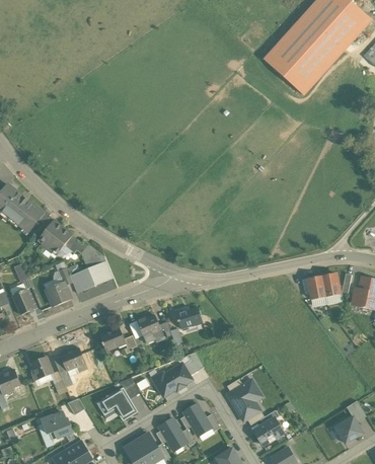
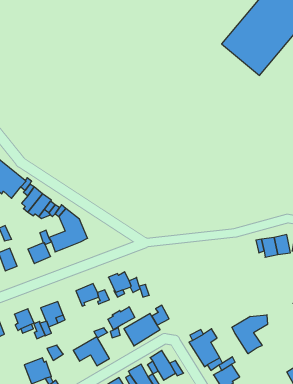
building: [174,307,202,327] -> none
building: none -> [108,307,135,330]
building: none -> [232,315,267,354]

